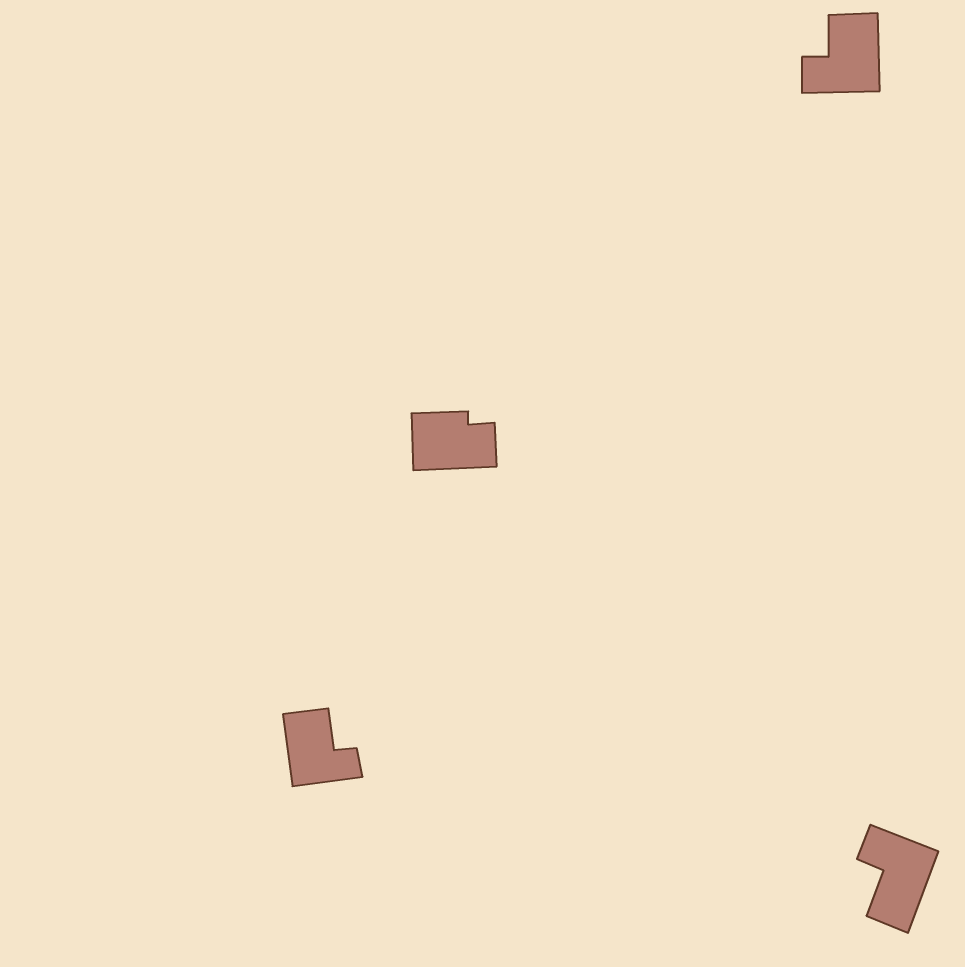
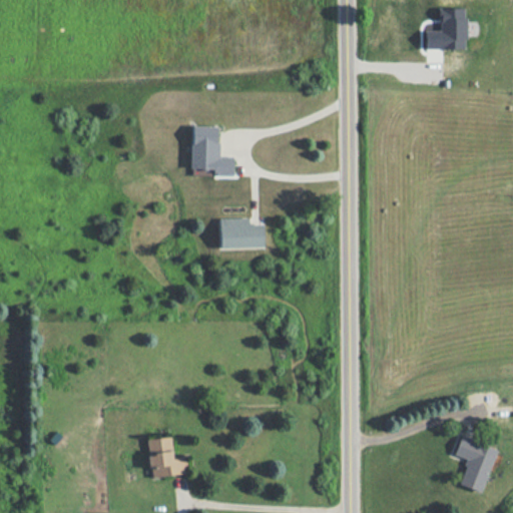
building: none -> [192,126,233,176]
building: [283,708,363,786] -> [147,437,189,478]

